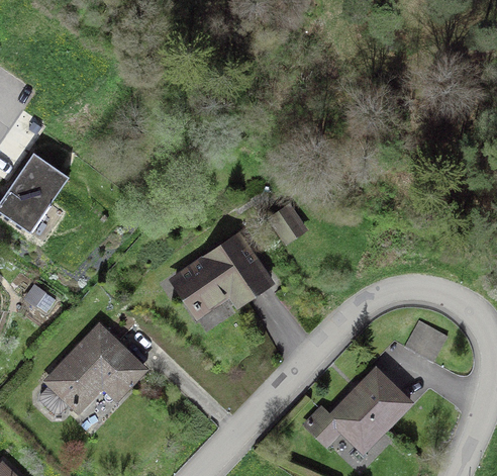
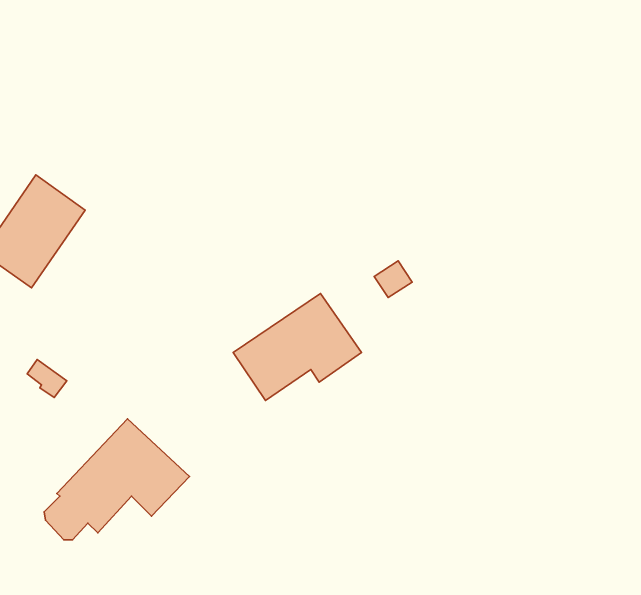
building: [404,319,448,362] -> none
building: [306,369,409,446] -> none

